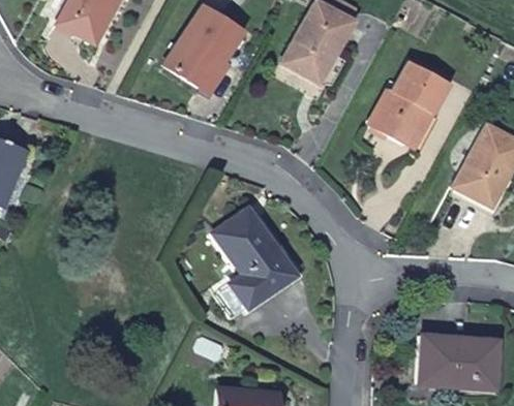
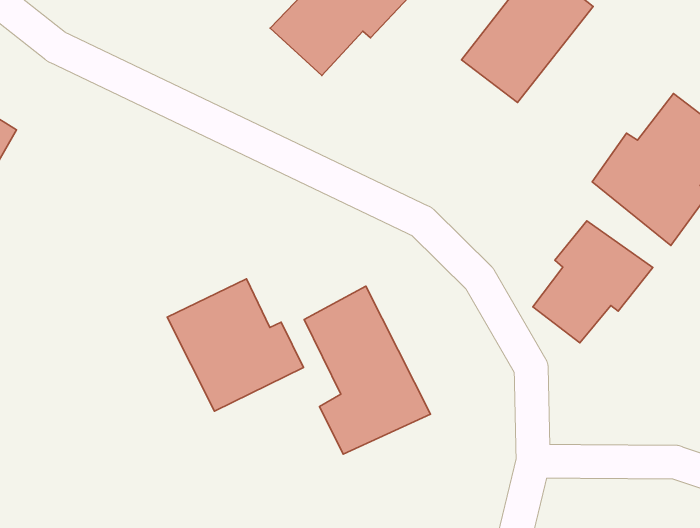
building: none -> [533,221,653,343]
building: none -> [167,279,303,411]

